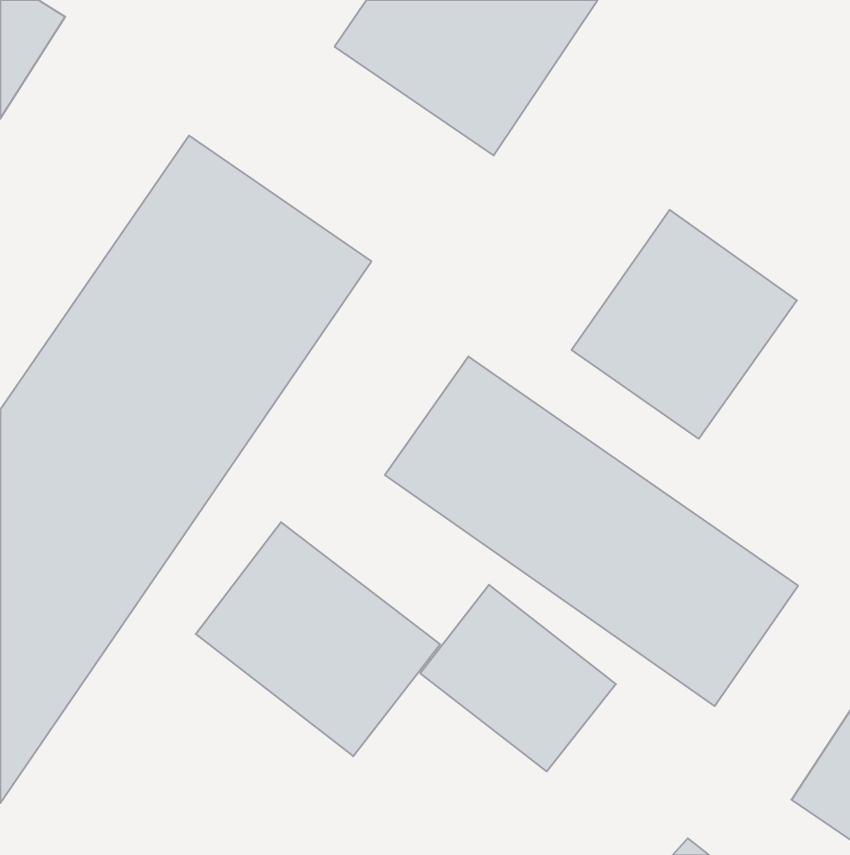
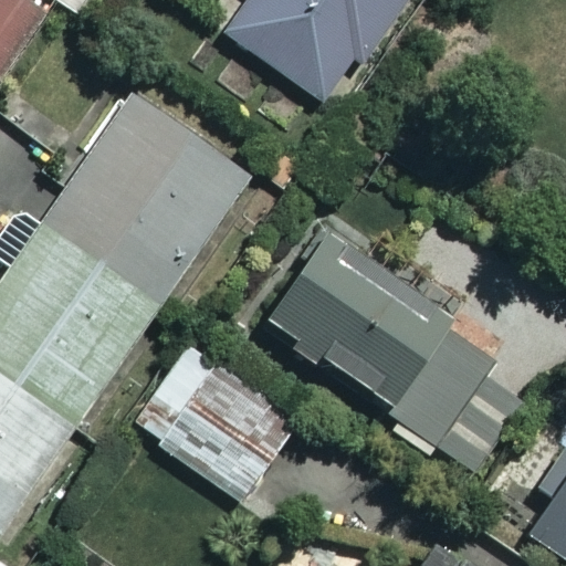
building: [572,210,797,439] -> none
building: [420,585,616,771] -> none

